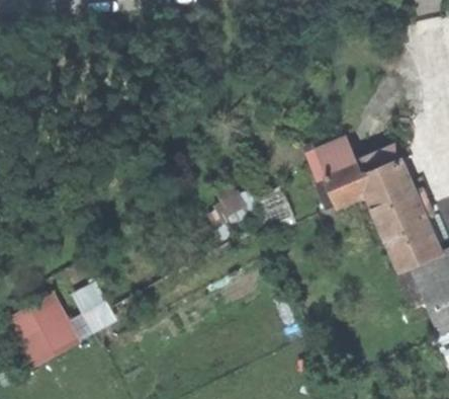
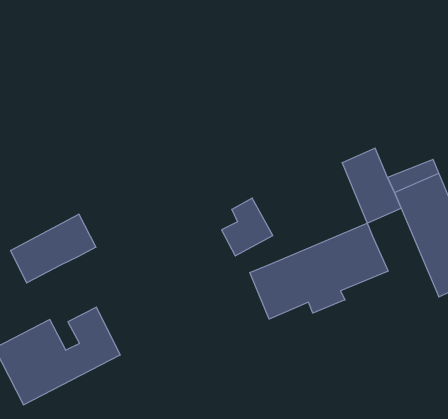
building: none -> [11,214,96,283]
building: none -> [250,223,388,319]

